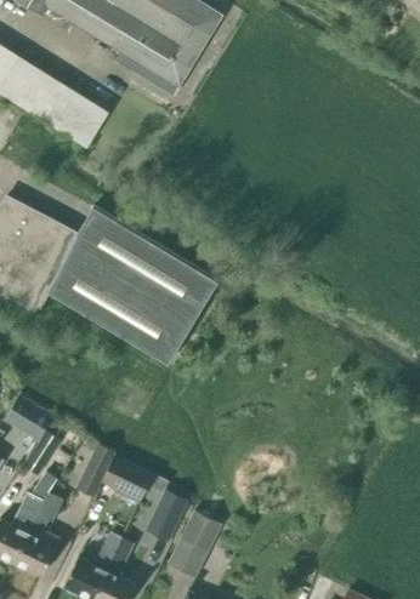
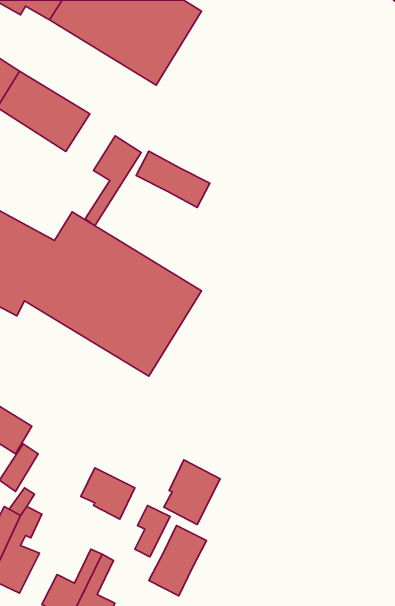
building: none -> [85,136,141,226]
building: none -> [136,151,210,208]
building: [75,443,115,496] -> none
building: none -> [164,460,220,524]

